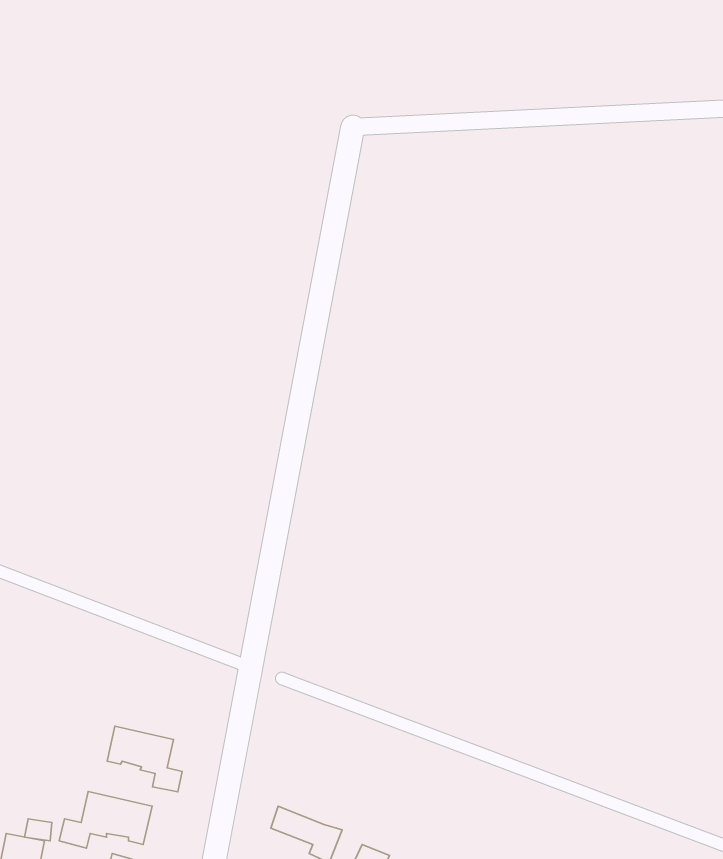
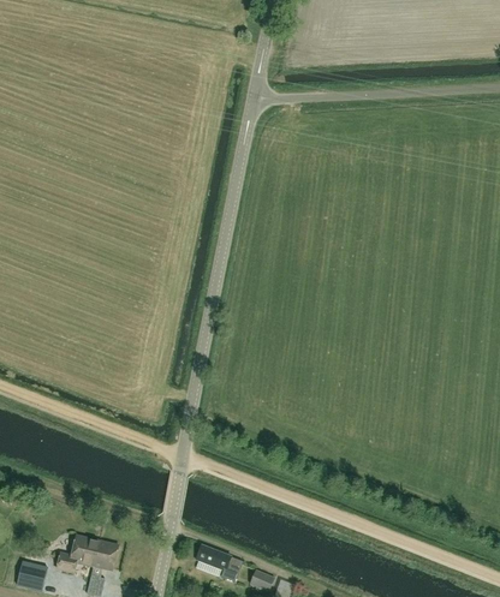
building: [107,726,182,792] -> none

